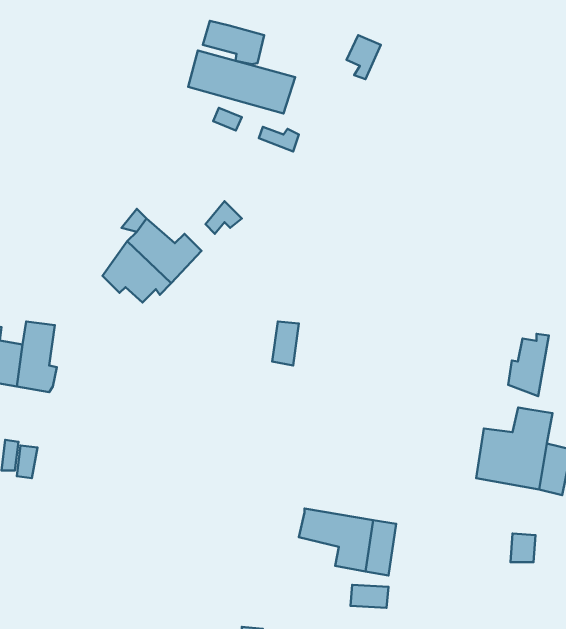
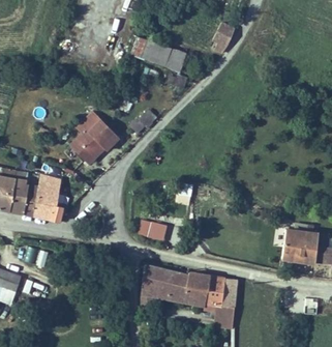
building: [203,21,264,64] -> none
building: [508,334,549,396] -> none
building: none -> [139,219,172,244]
building: none -> [143,270,208,313]

